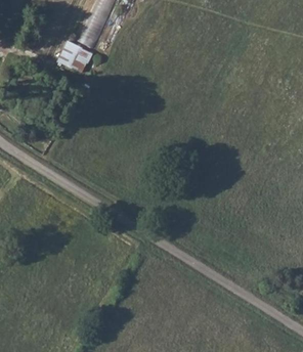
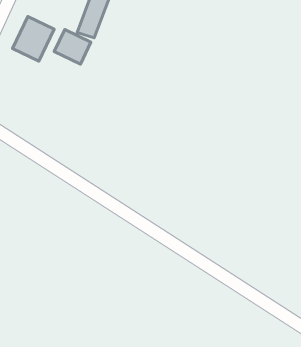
building: none -> [13,16,54,61]

